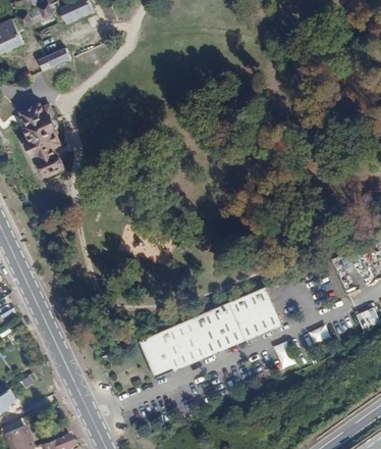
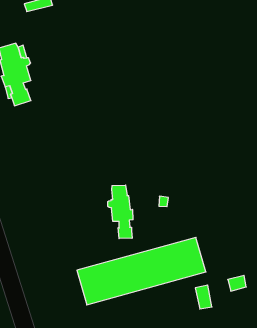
building: none -> [108,185,133,239]

